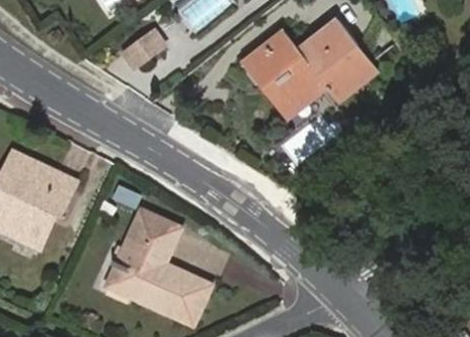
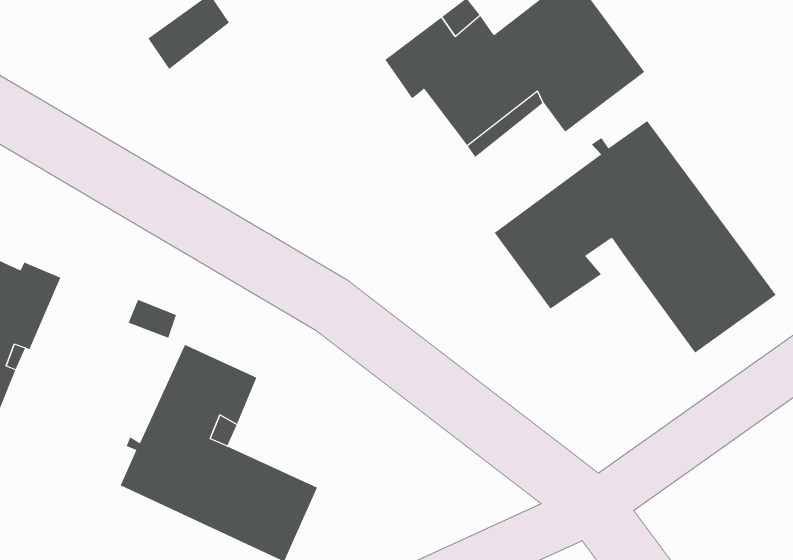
building: none -> [494,120,776,353]

